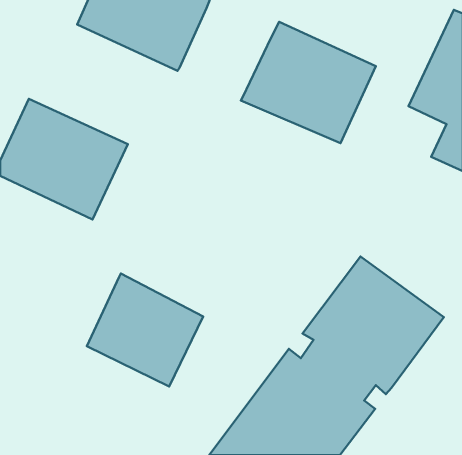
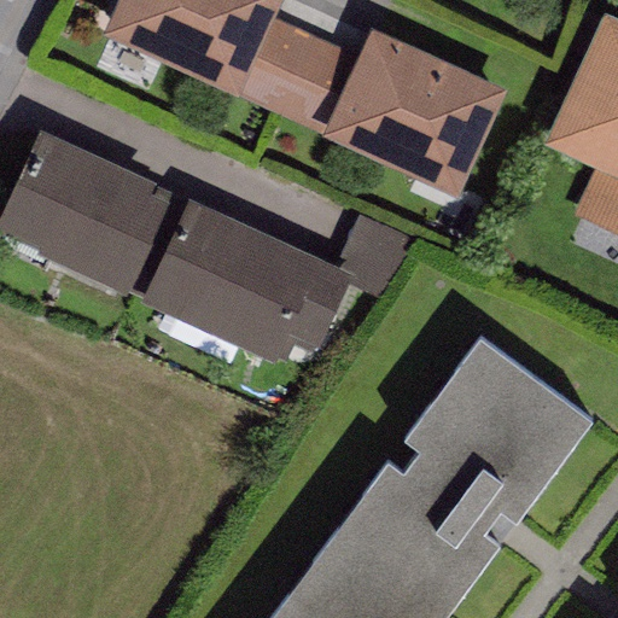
building: none -> [240,11,362,129]
building: none -> [139,198,348,366]
building: [87,273,203,387] -> none

